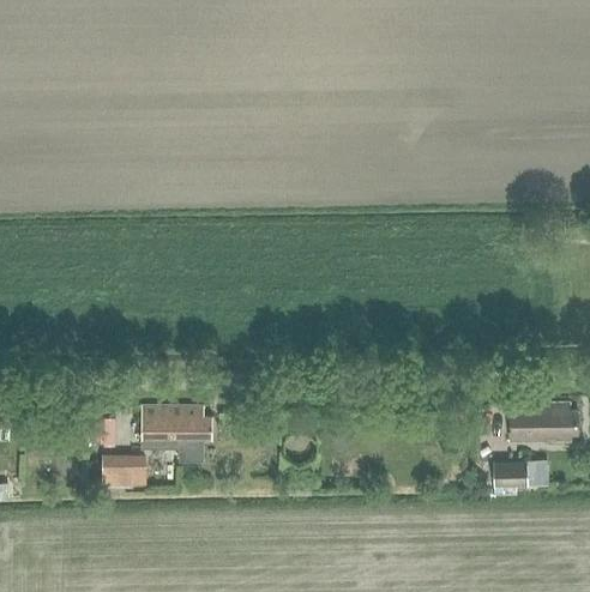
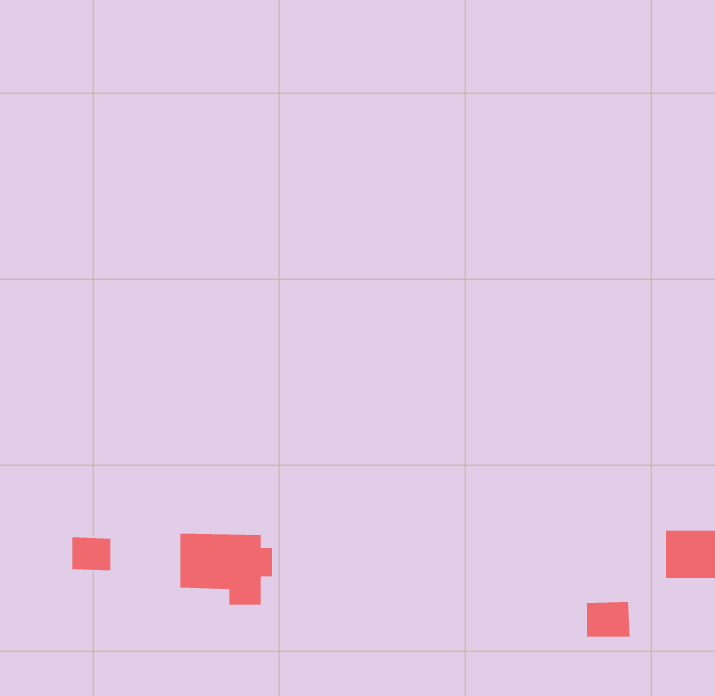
building: [104,459,134,485] -> [72,537,111,571]
building: [495,459,529,487] -> [586,601,630,637]

